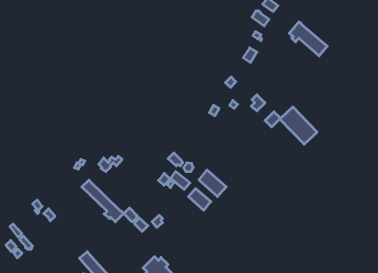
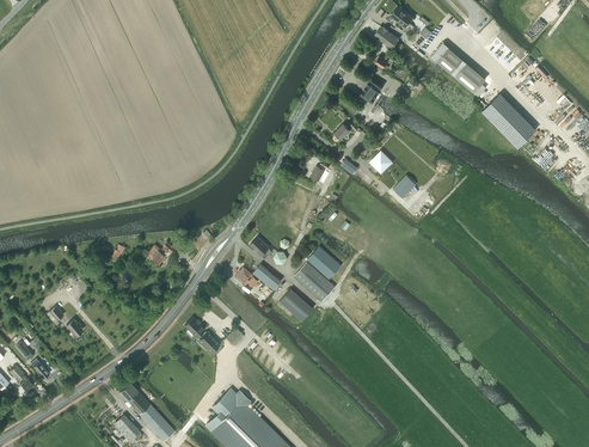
building: [280,107,317,144] -> [481,93,536,148]
building: none -> [307,246,342,280]
building: [82,180,124,222] -> none

